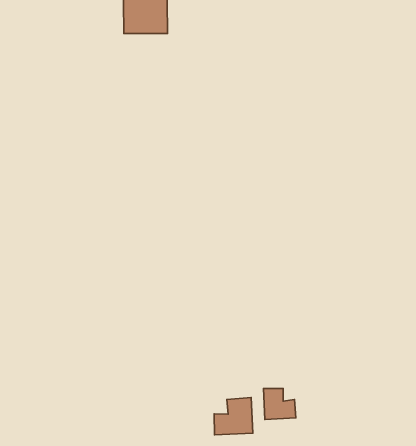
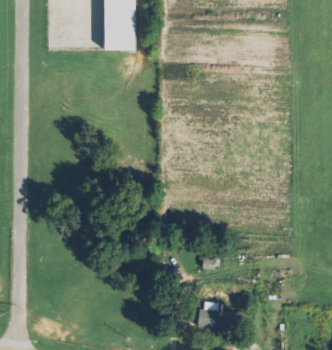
building: [214,398,253,435] -> none

